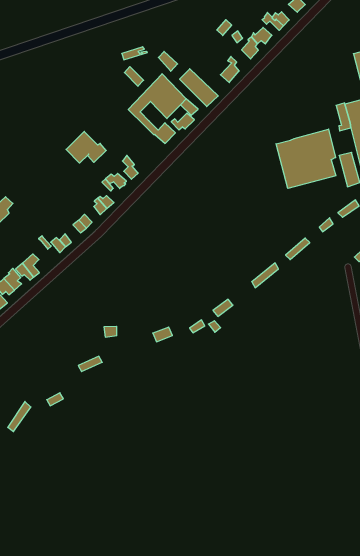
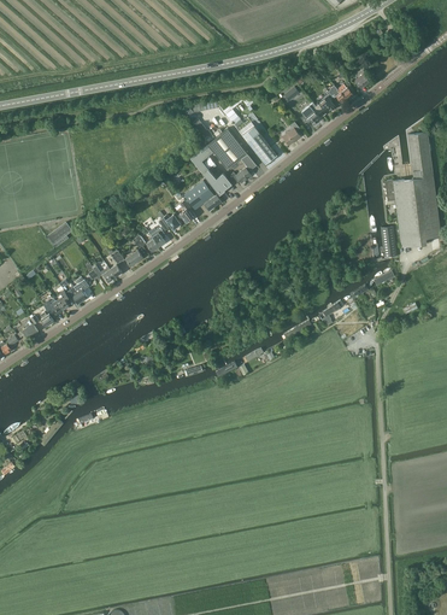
building: [276,129,336,188] -> none
building: [66,131,106,163] -> [183,180,220,210]

